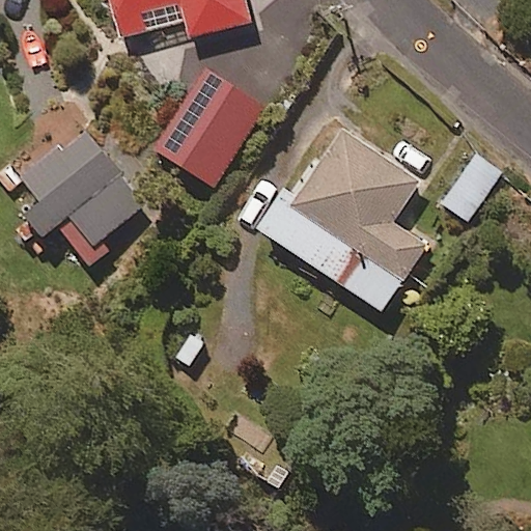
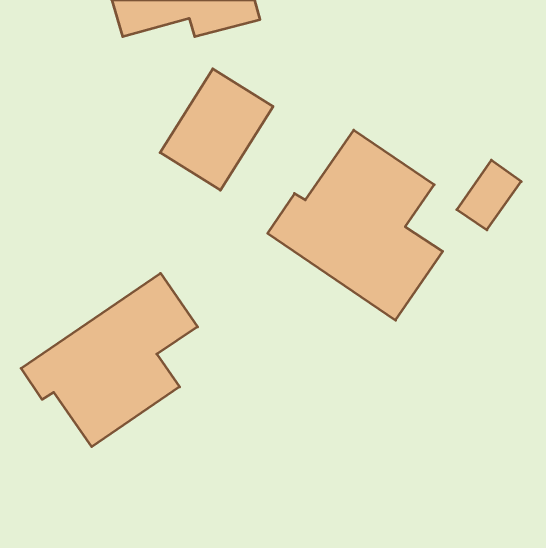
building: [22,131,140,266] -> none
building: none -> [21,273,198,447]

